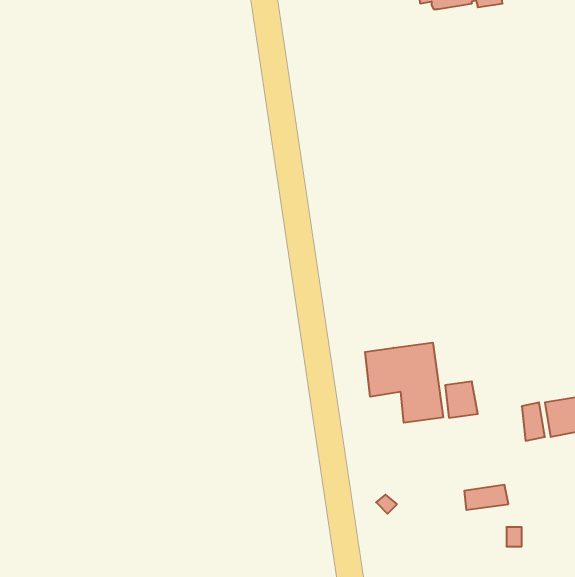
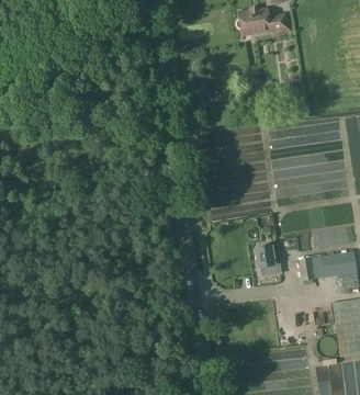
building: [365,343,443,423] -> none

